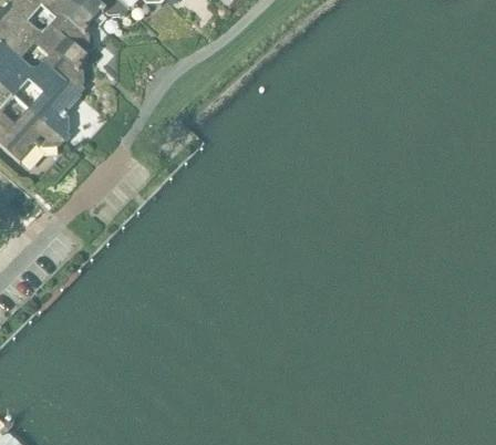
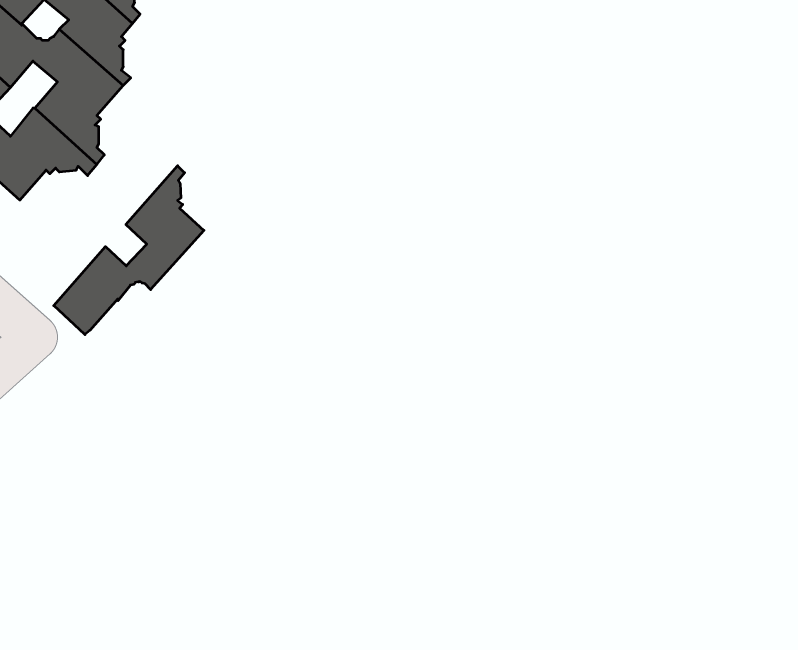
building: none -> [54,166,204,335]

